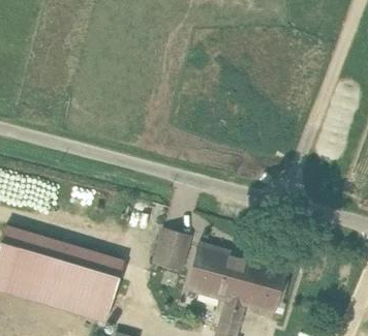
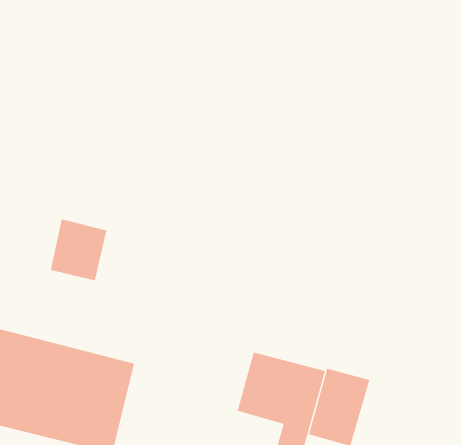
building: none -> [50,219,108,281]
building: [154,230,189,269] -> none

